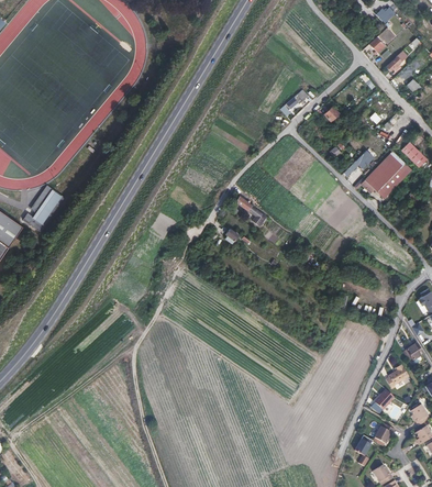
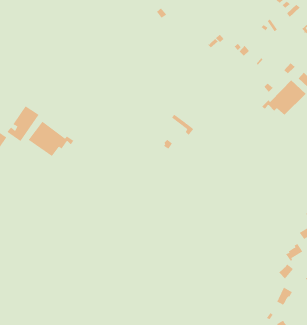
building: none -> [28,121,74,157]

